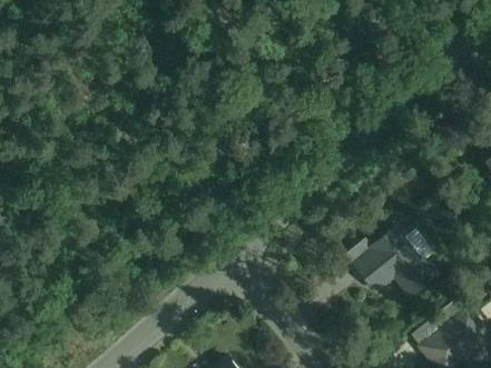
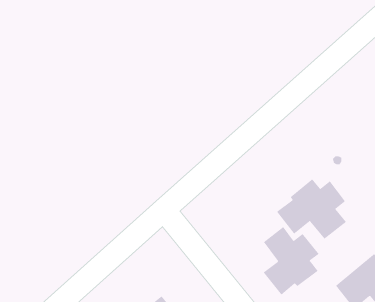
building: none -> [263,226,319,295]

